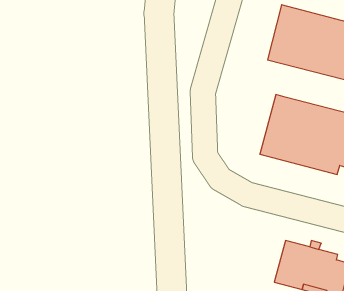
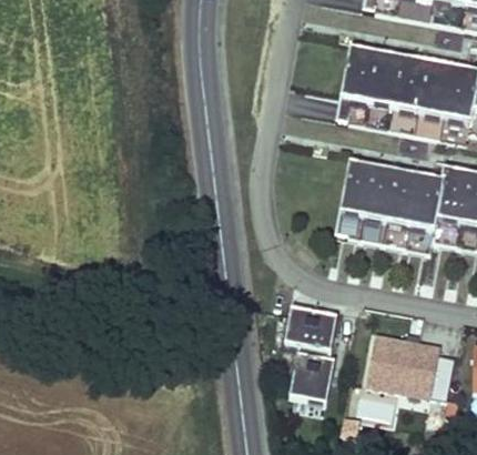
building: none -> [290,305,342,390]

